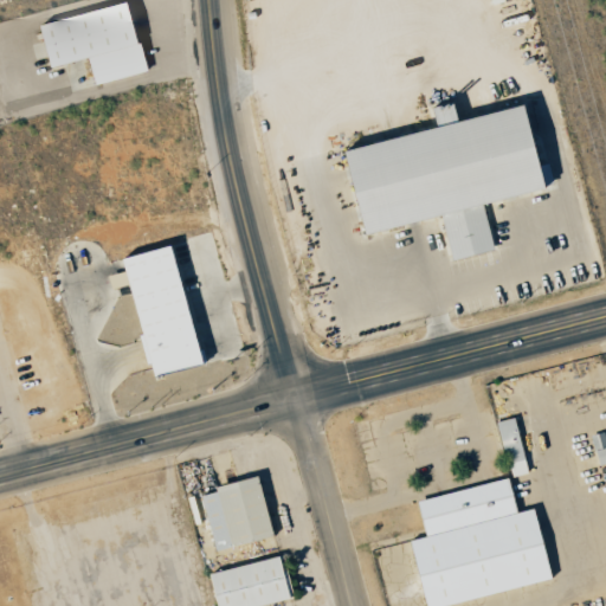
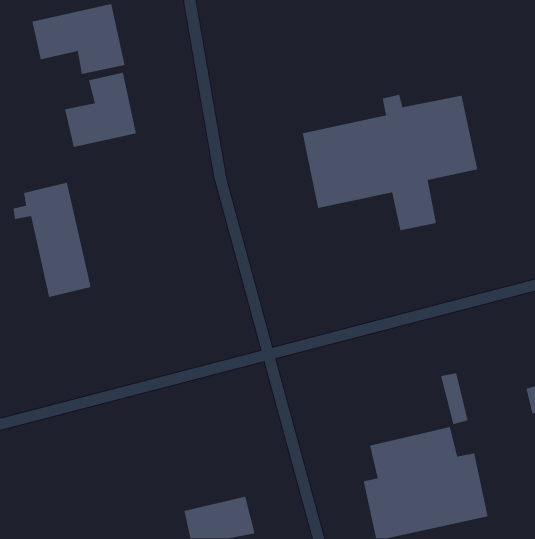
building: none -> [64,72,137,148]
building: [111,246,200,376] -> [12,182,92,298]
building: [202,475,275,550] -> none

